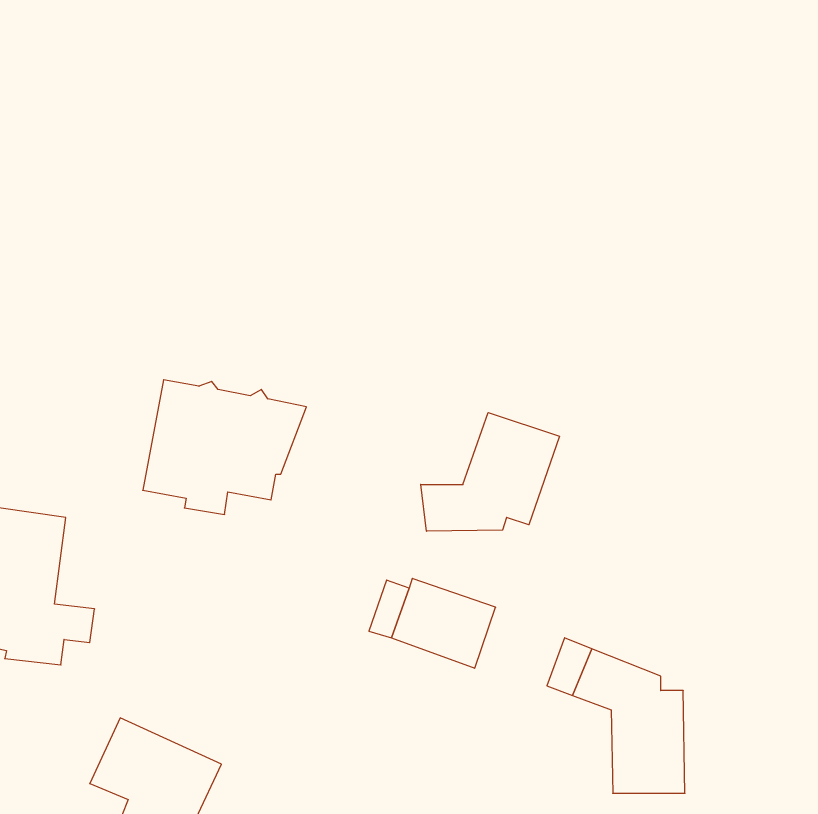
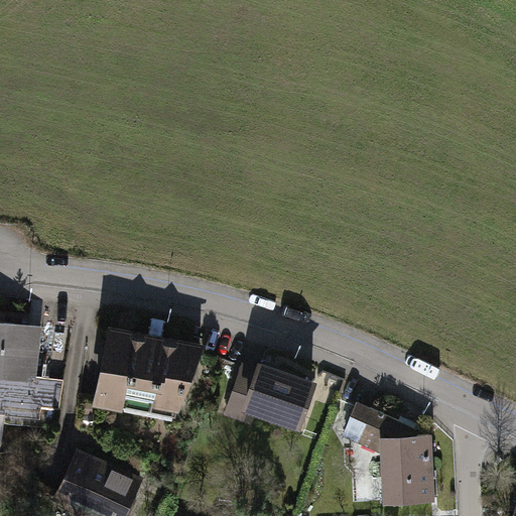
building: [143,380,306,514] -> [96,333,199,417]
building: [421,413,560,531] -> none

